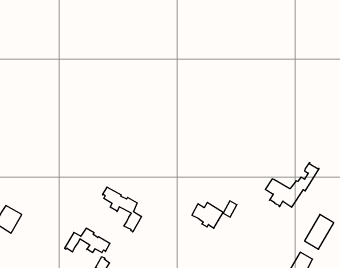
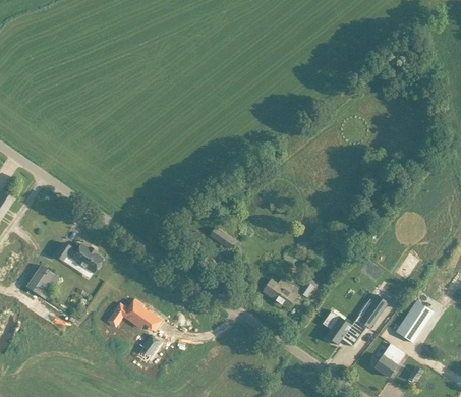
building: [265,163,319,207] -> [323,294,389,346]
building: none -> [55,242,103,273]
building: [103,187,142,232] -> none

